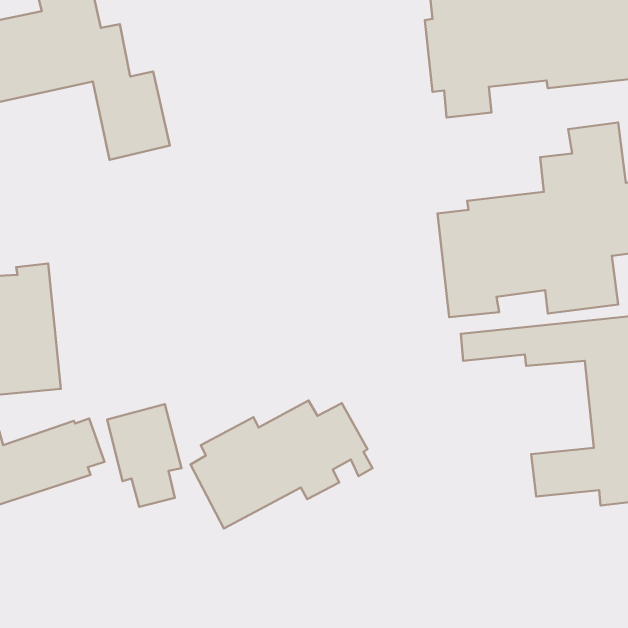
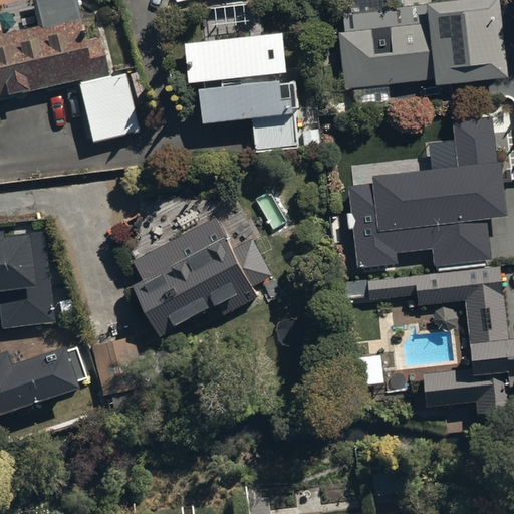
building: none -> [183,33,298,149]
building: [191,400,373,528] -> [133,237,275,337]

